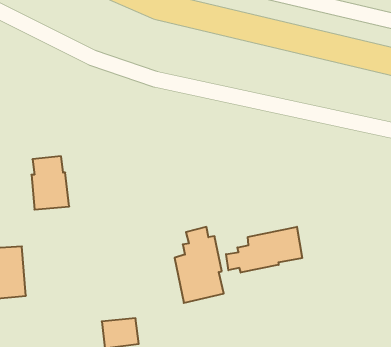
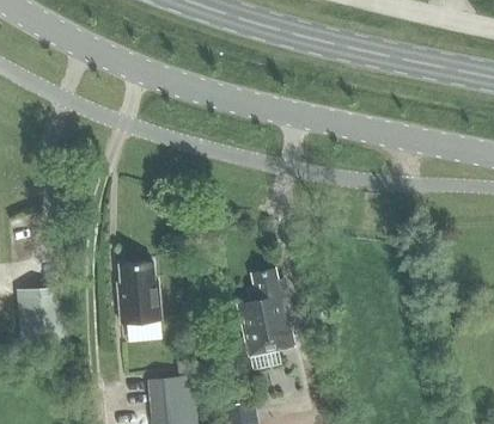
building: [31,156,69,210] -> [116,260,160,322]
building: [226,227,302,273] -> none

